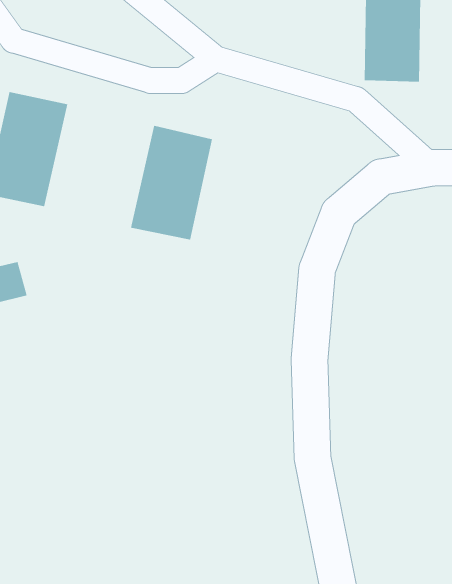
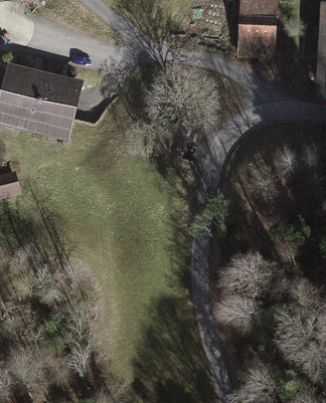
building: [130,125,213,240] -> [30,71,84,146]

